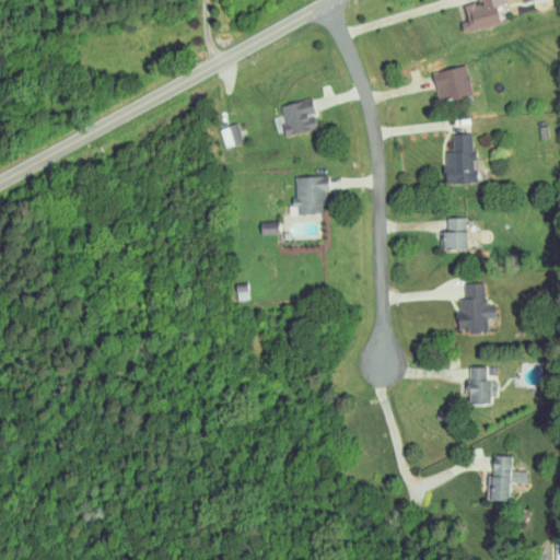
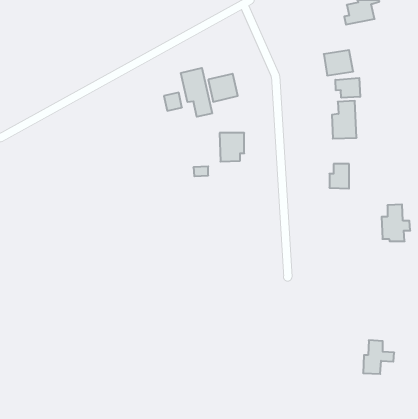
building: none -> [181,68,212,117]
building: none -> [335,78,360,98]
building: [457,283,495,332] -> [382,204,410,241]
building: [468,365,494,402] -> none

